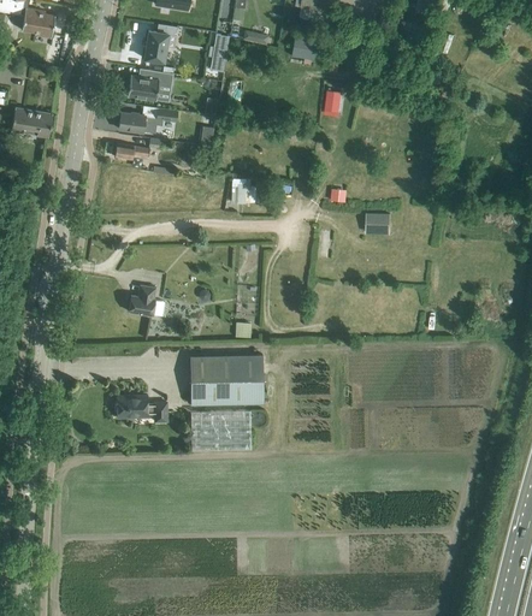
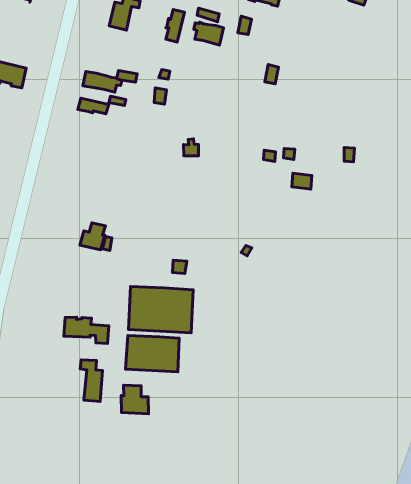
building: none -> [194,22,224,45]
building: [126,67,173,100] -> none
building: none -> [80,360,102,401]
building: none -> [121,385,148,414]

